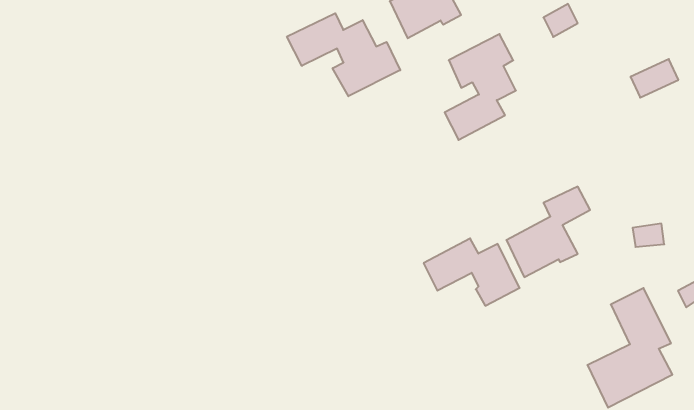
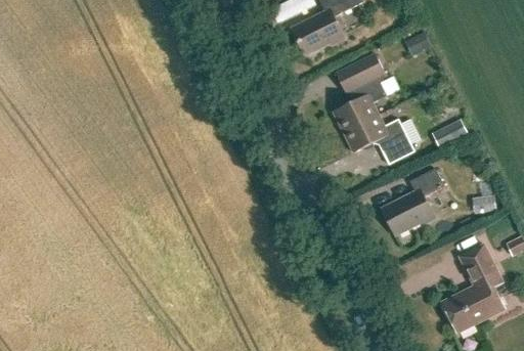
building: [287,13,400,96] -> none
building: [630,59,678,98] -> [433,120,469,148]
building: [424,238,520,306] -> [344,114,416,164]

